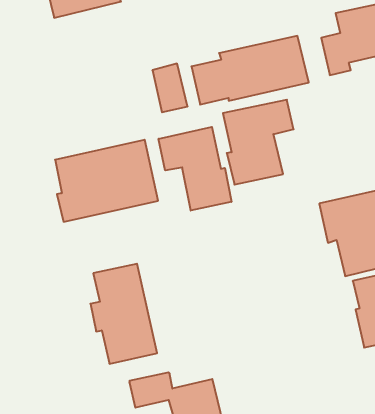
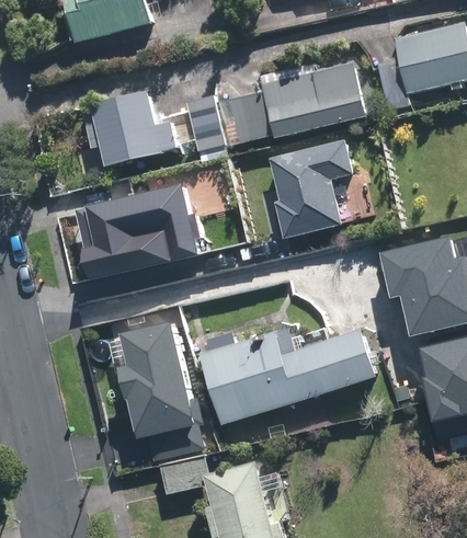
building: none -> [81,90,174,165]
building: [159,127,231,211] -> none
building: none -> [202,329,376,424]

